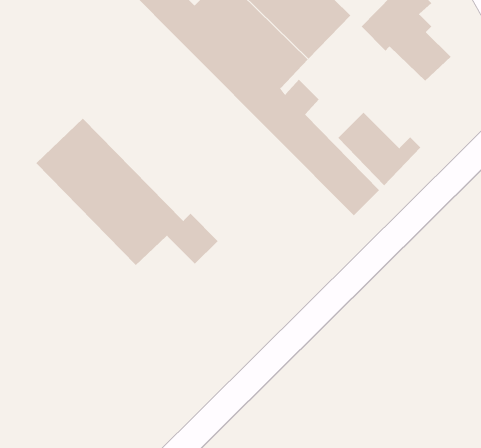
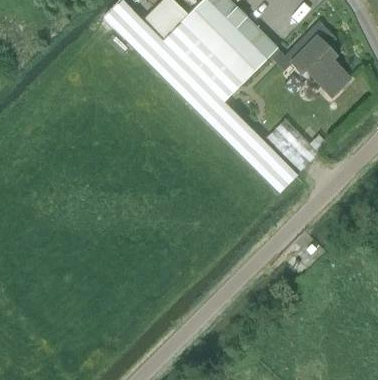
building: [35,118,219,266] -> none

